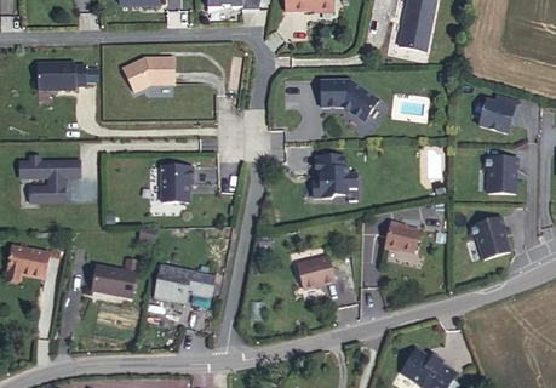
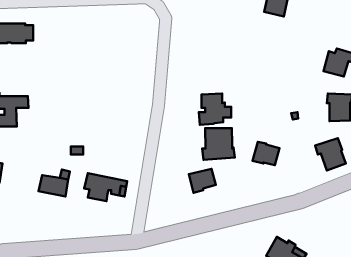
building: [124,55,176,91] -> none
building: [321,78,374,112] -> none
building: [159,166,190,202] -> none
building: none -> [202,128,235,160]

